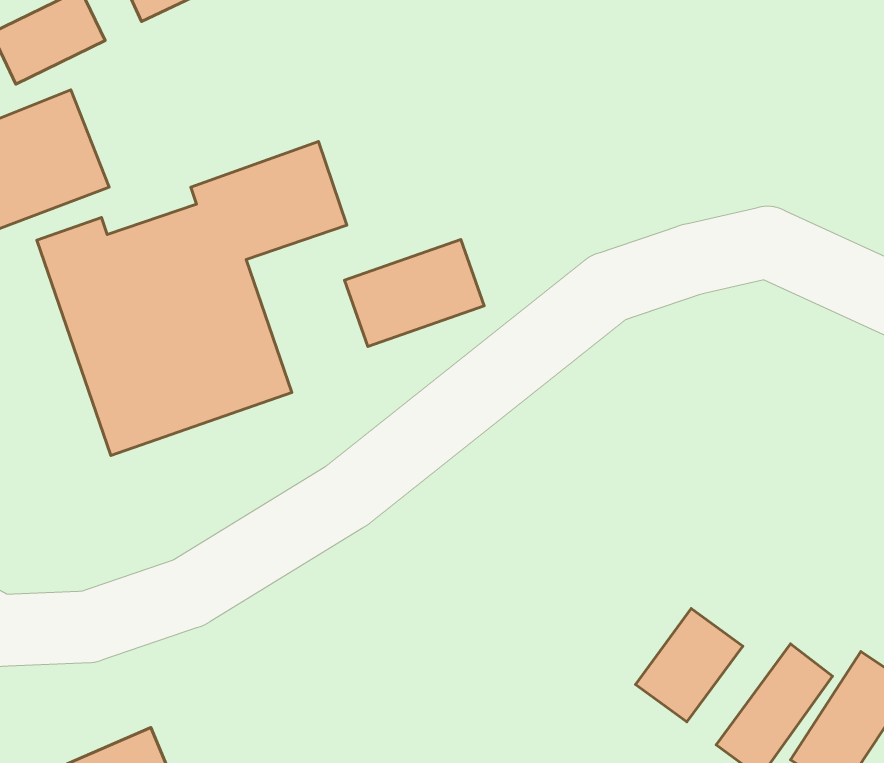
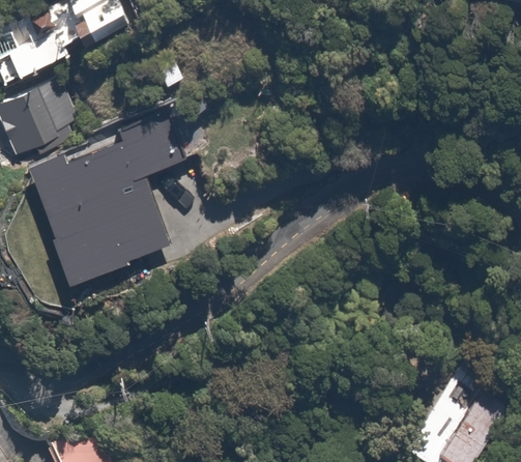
building: [344,240,484,346] -> none
building: [635,609,743,722] -> none

